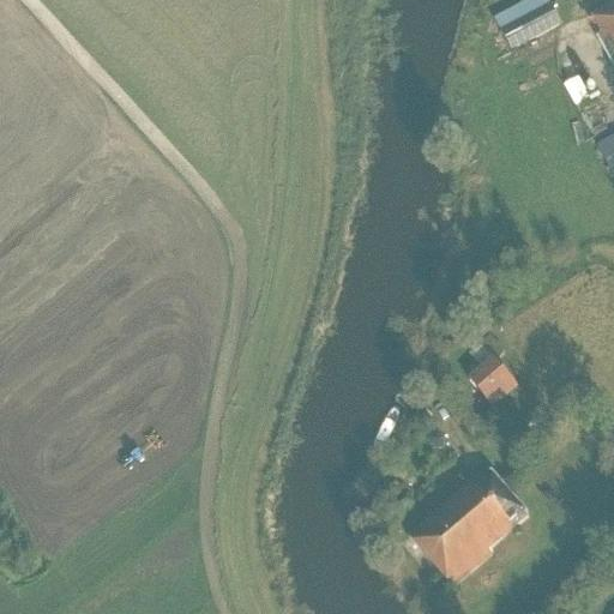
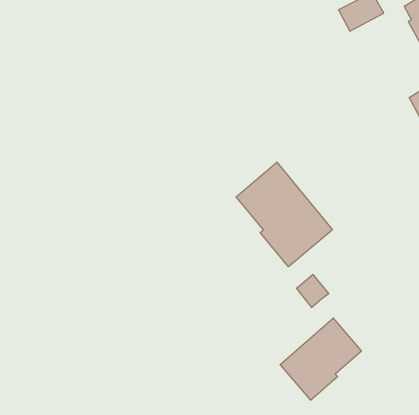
building: none -> [236,162,332,267]
building: [470,356,517,404] -> [297,274,329,307]

